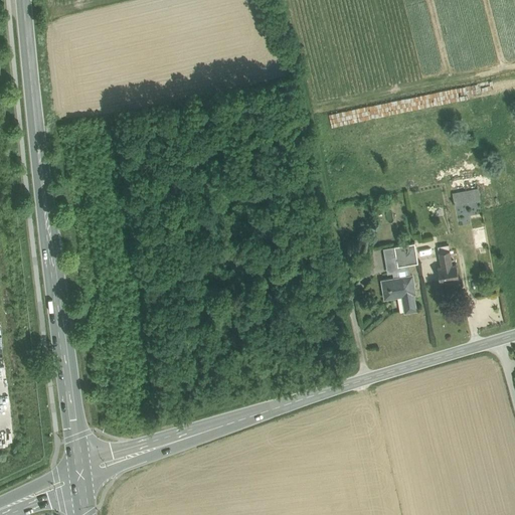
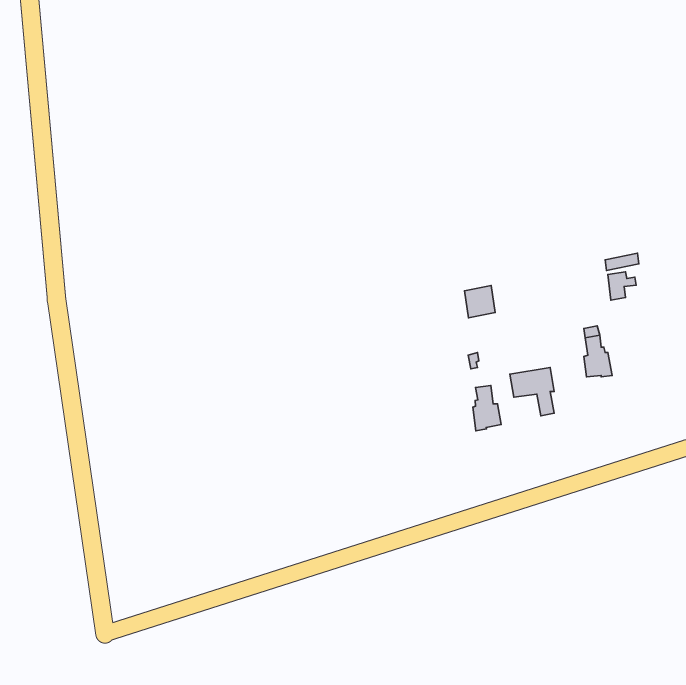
building: [393,243,416,268] -> [464,286,495,318]
building: none -> [473,386,501,431]

